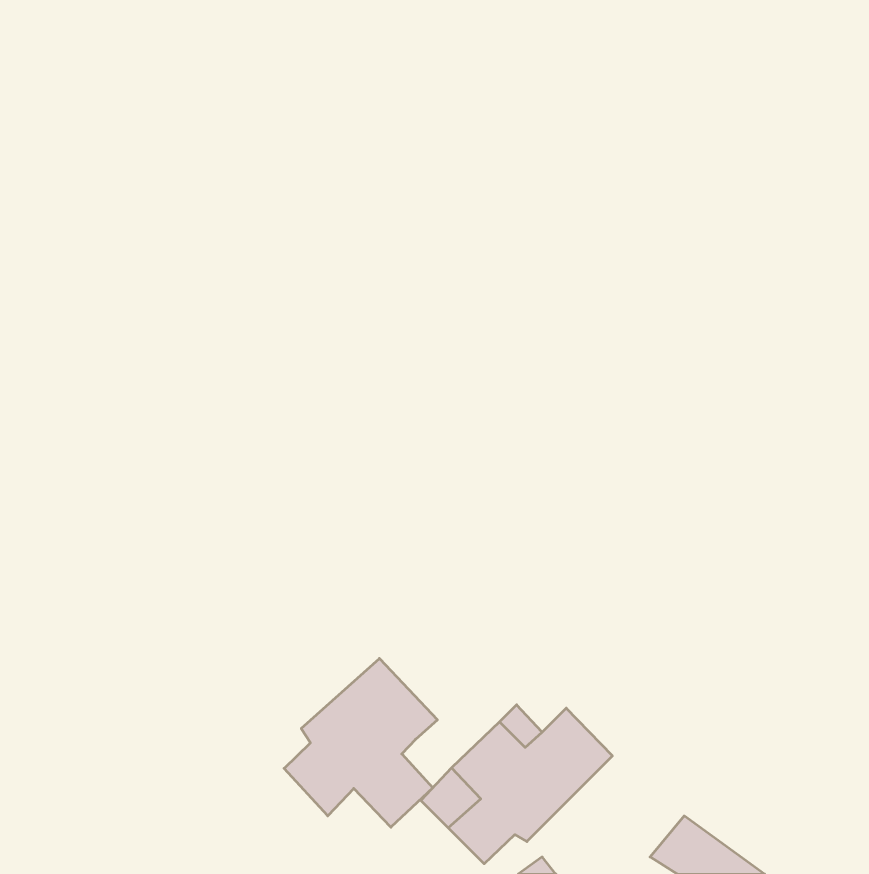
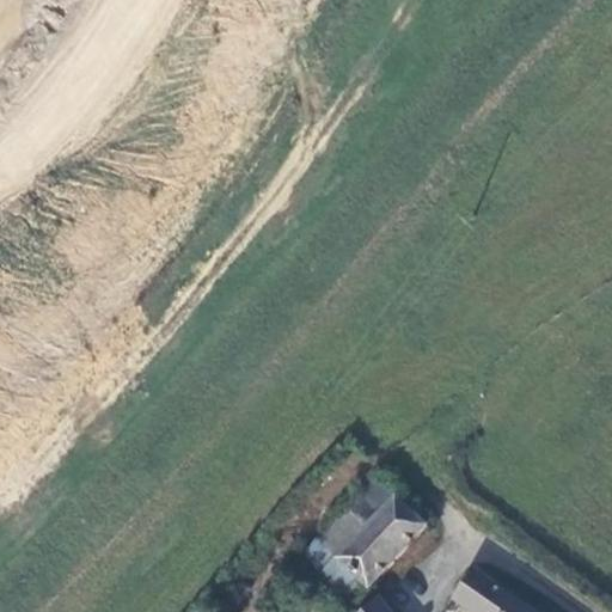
building: [284,658,437,827] -> none

